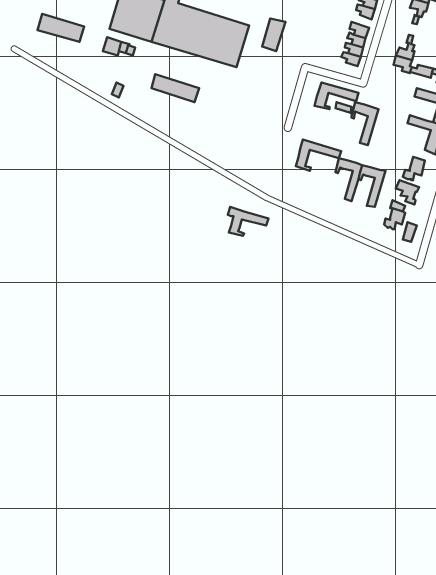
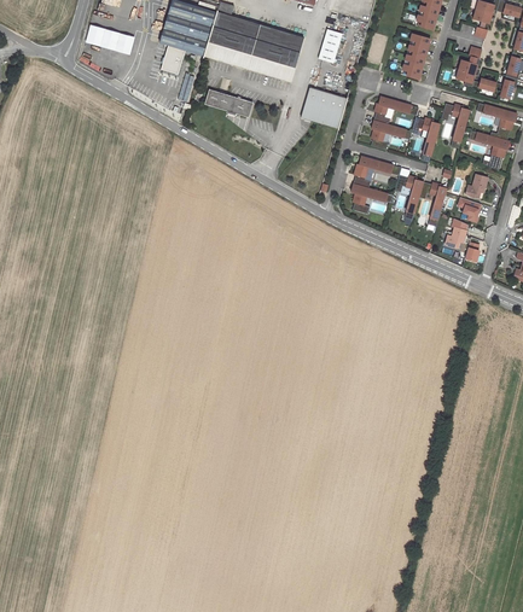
building: none -> [301,88,348,129]
building: none -> [441,104,470,148]
building: none -> [371,121,412,150]
building: [228,207,268,236] -> [351,183,394,214]

